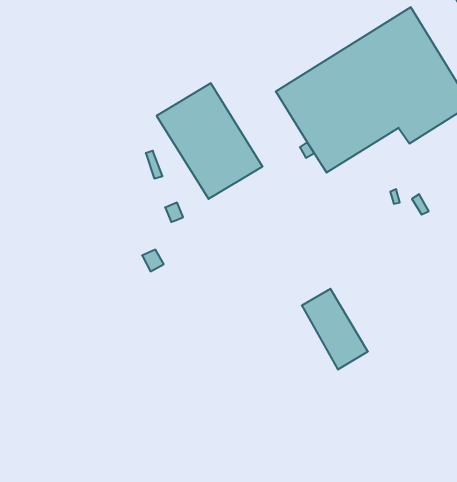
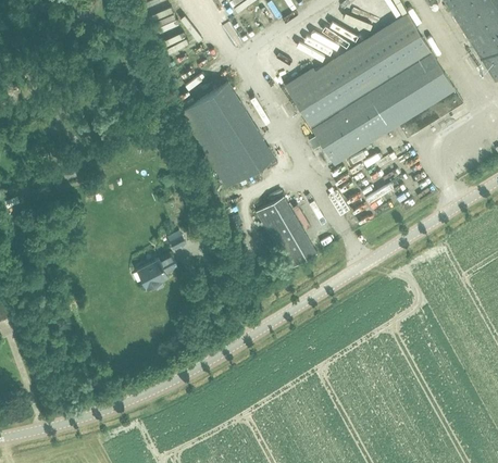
building: none -> [137,252,178,287]
building: [302,289,368,370] -> [257,196,316,268]

